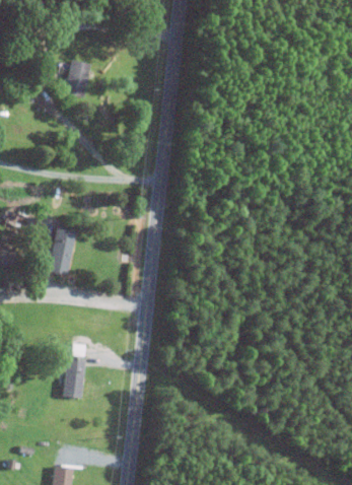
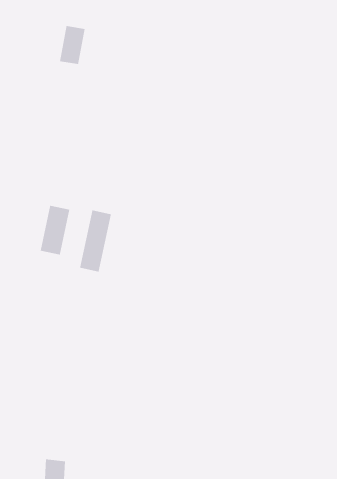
building: none -> [80,210,111,272]
building: [64,355,84,397] -> none

